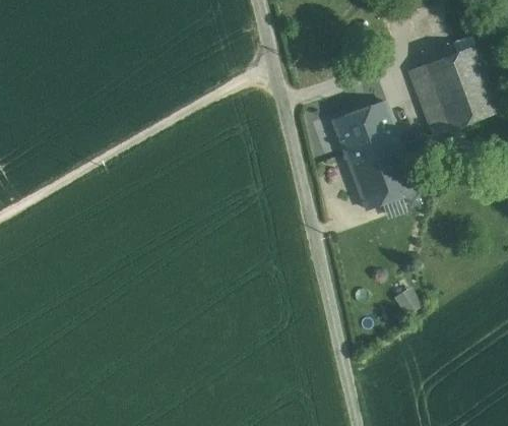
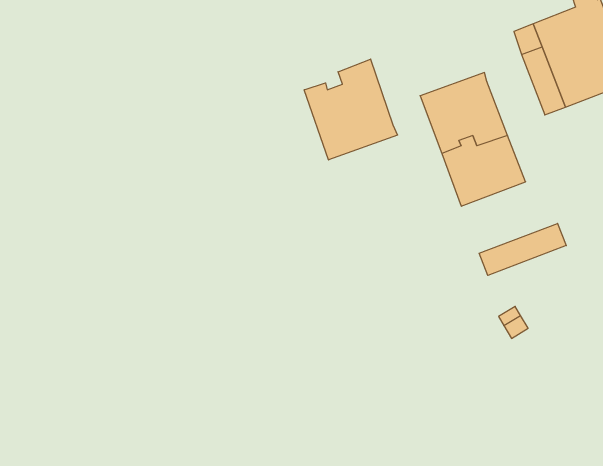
building: none -> [304,59,397,160]
building: none -> [479,223,566,275]

